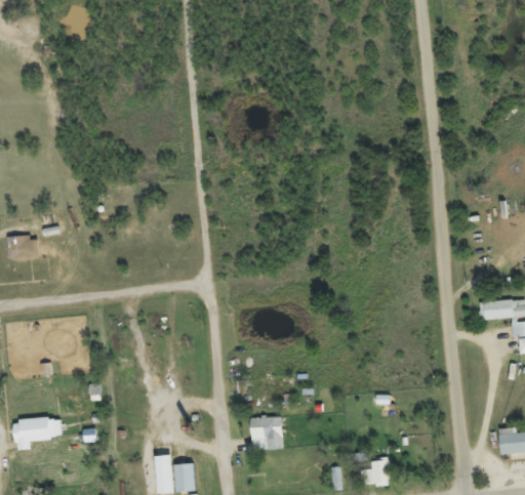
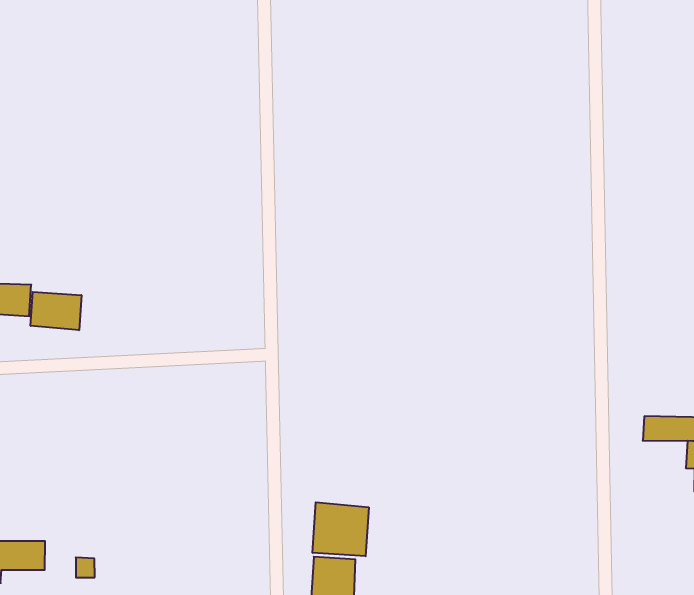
building: none -> [31,292,81,330]
building: none -> [313,502,369,556]

